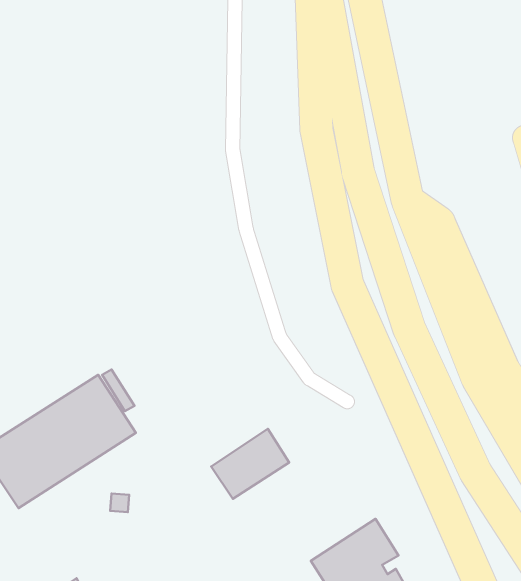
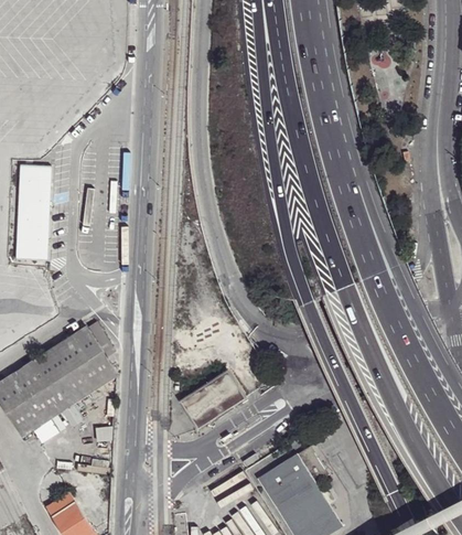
building: none -> [15,164,51,261]

